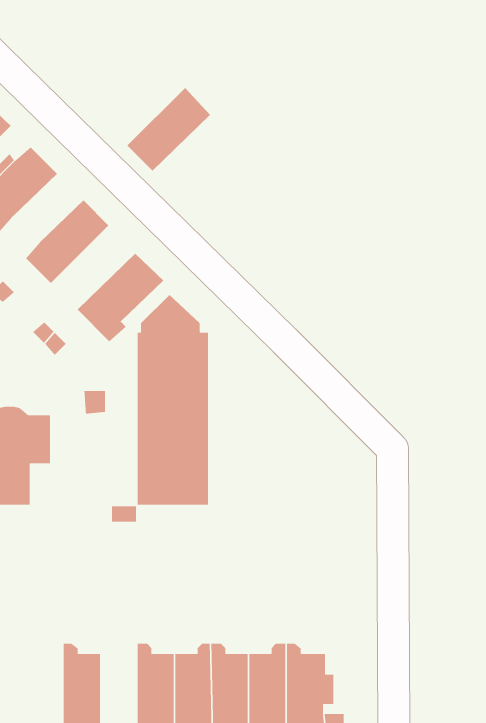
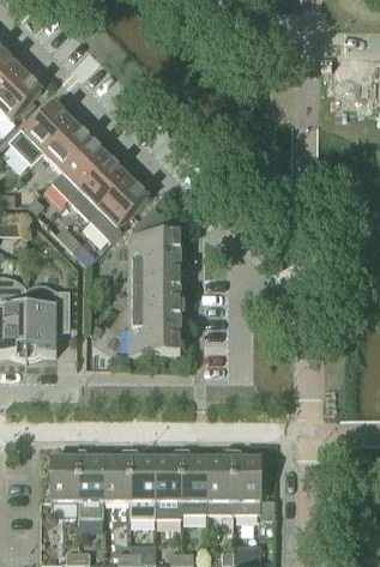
building: [127,87,211,171] -> [71,159,129,218]
building: none -> [44,123,94,171]
building: none -> [52,451,79,501]
building: none -> [105,451,131,501]

